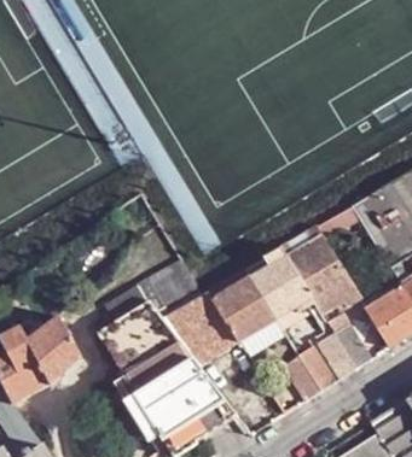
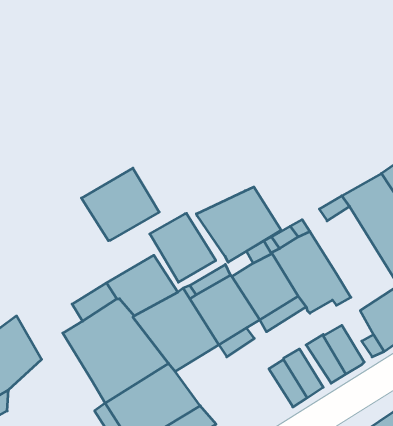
building: none -> [81,168,159,241]
building: none -> [196,187,281,262]
building: none -> [150,213,216,282]

